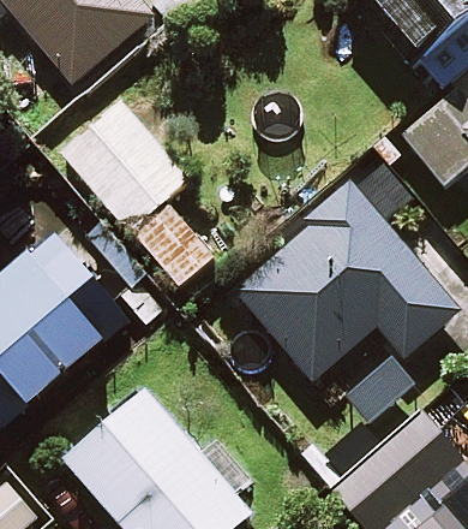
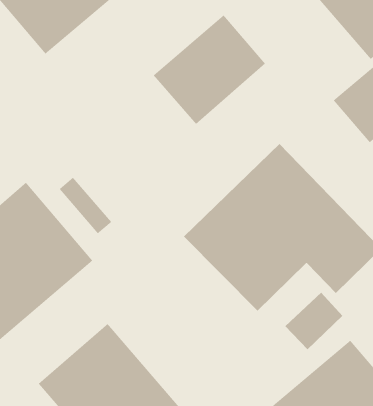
building: none -> [153,14,266,125]
building: [61,102,214,286] -> none

